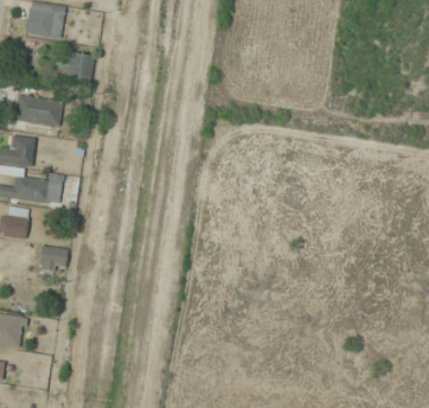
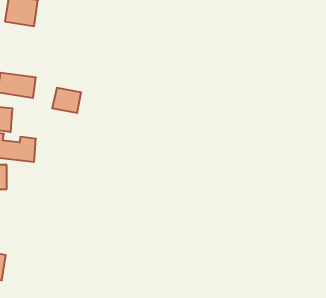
building: [59,51,95,82] -> [52,88,81,113]
building: [39,247,68,270] -> none

